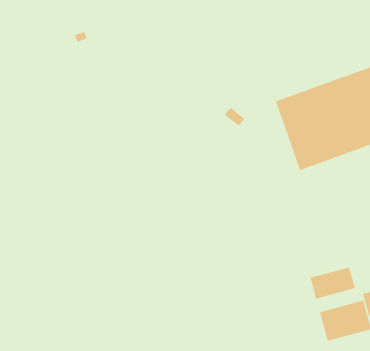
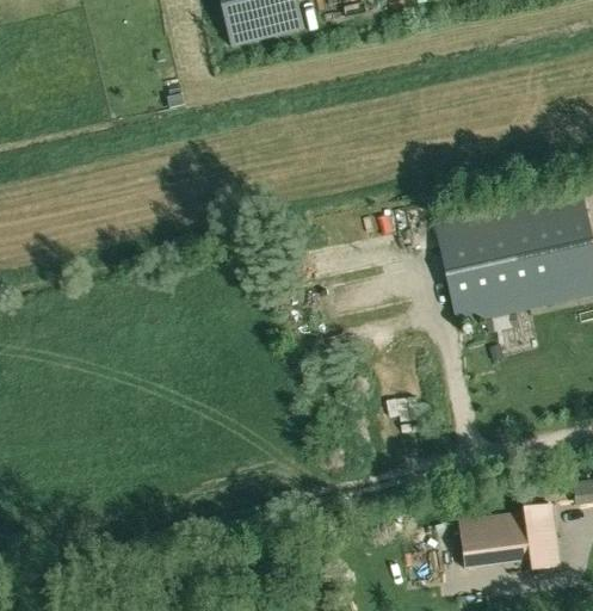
building: [310,267,355,300] -> none

